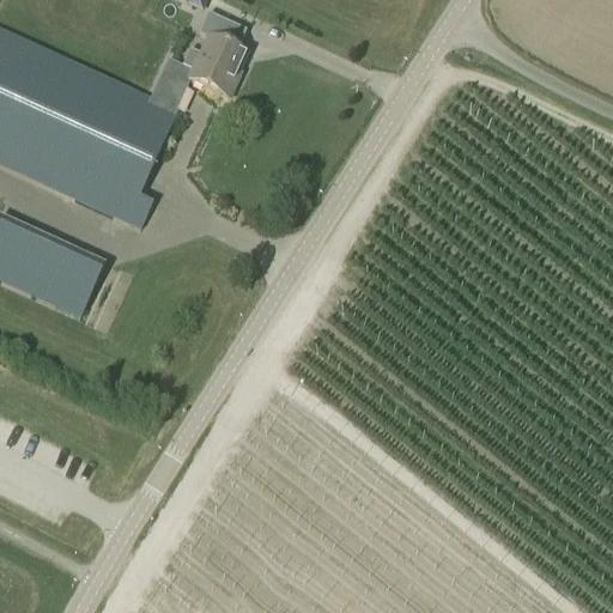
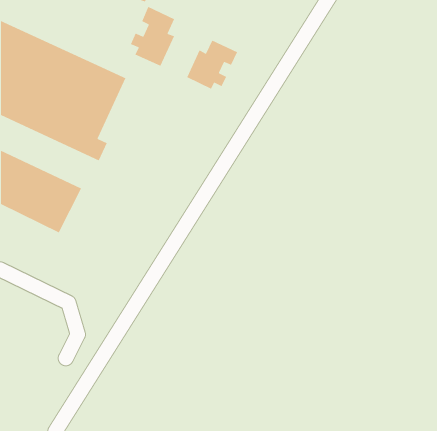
building: [148,55,193,108] -> none
building: none -> [186,39,238,90]

